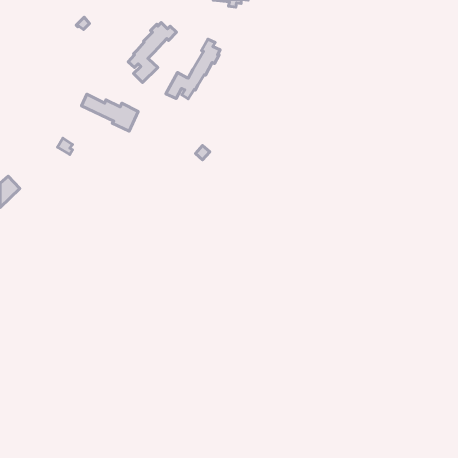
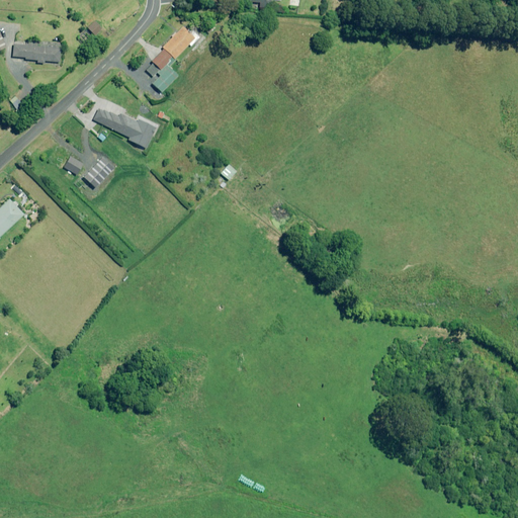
building: none -> [13,44,61,63]
building: [166,39,220,99] -> none

